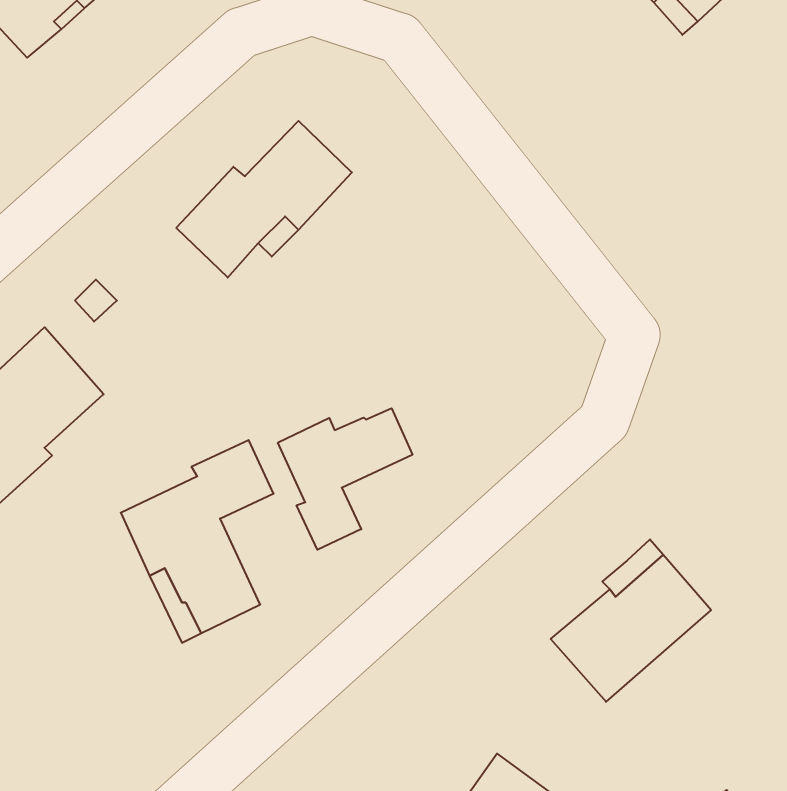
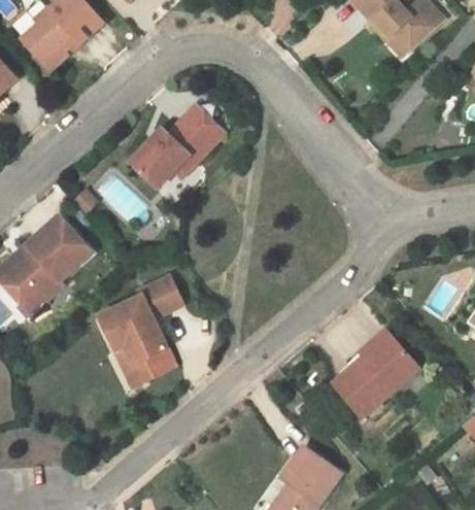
building: [278,408,412,550] -> none

